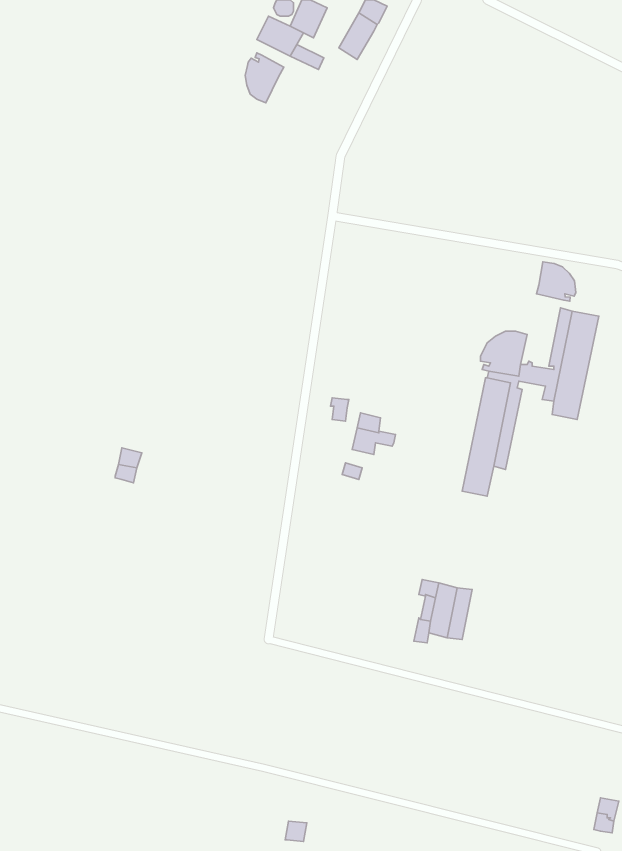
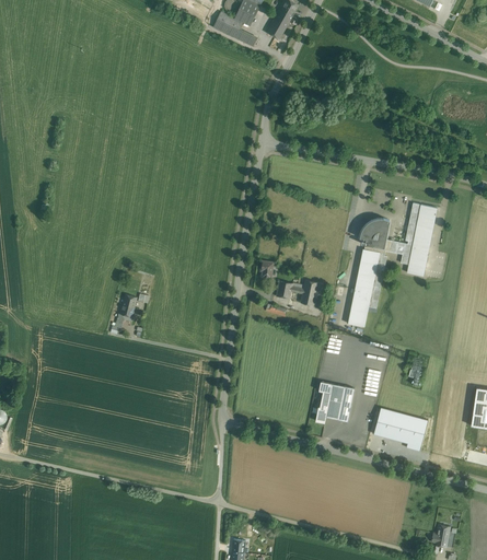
building: [245,53,284,103] -> none
building: [536,262,576,301] -> none
building: none -> [301,279,323,306]
building: none -> [373,407,428,451]

